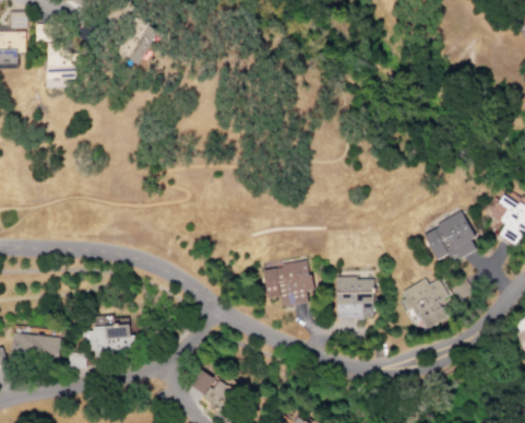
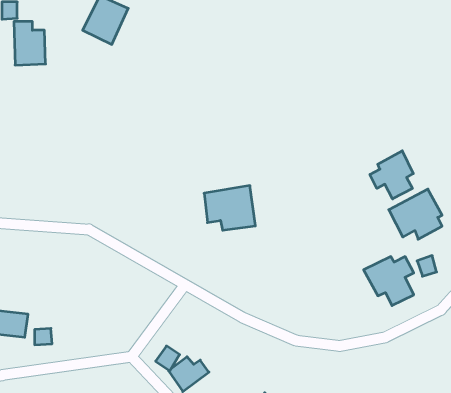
building: none -> [370,151,413,199]
building: [264,260,315,305] -> [204,186,255,230]
building: [337,277,375,317] -> none
building: [83,325,134,357] -> none

